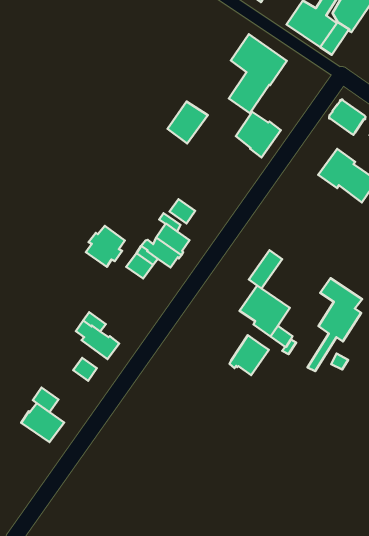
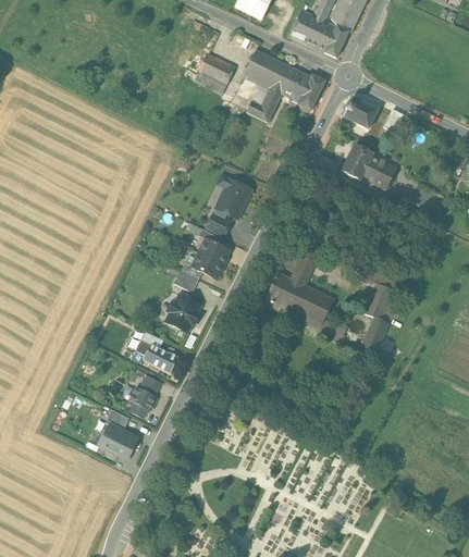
building: none -> [195,54,235,95]
building: [167,101,208,143] -> [215,180,251,219]
building: [236,112,281,158] -> [283,69,324,110]
building: [86,226,125,267] -> [165,294,200,332]
building: [229,335,269,375] -> [264,272,299,309]
building: none -> [129,387,156,418]

